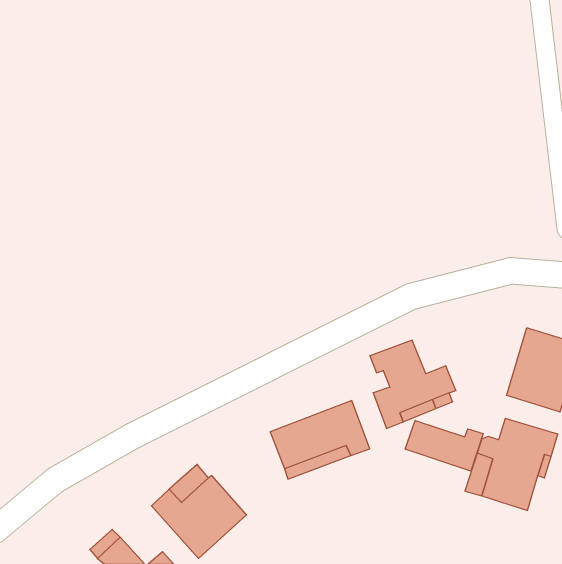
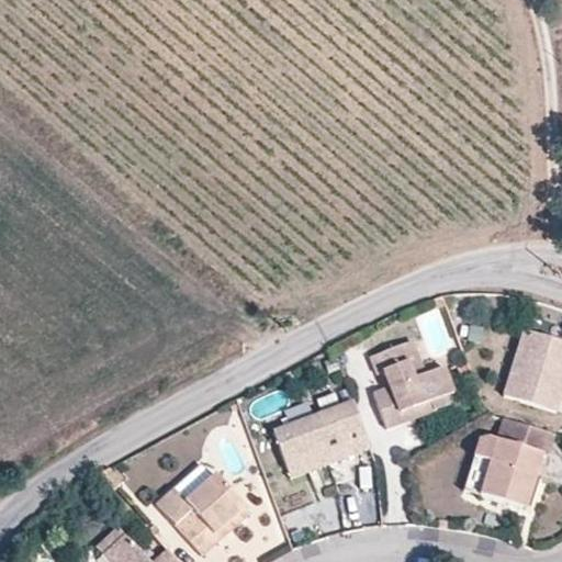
building: [405,420,483,471] -> none

